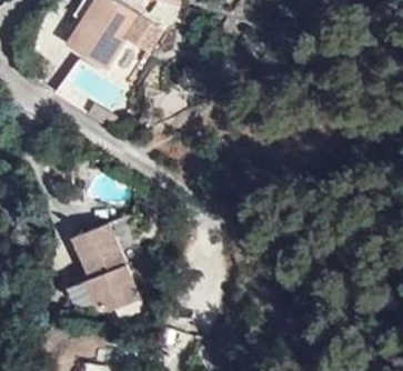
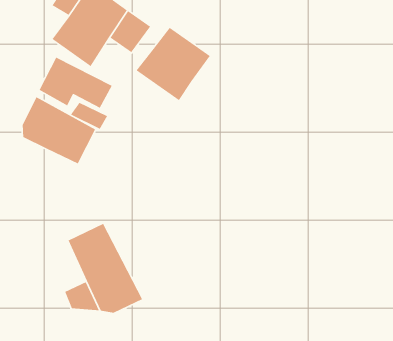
building: none -> [135,27,211,101]
building: none -> [22,96,96,164]

